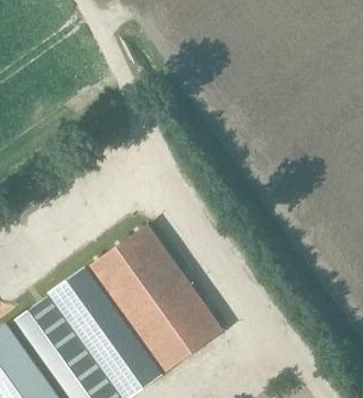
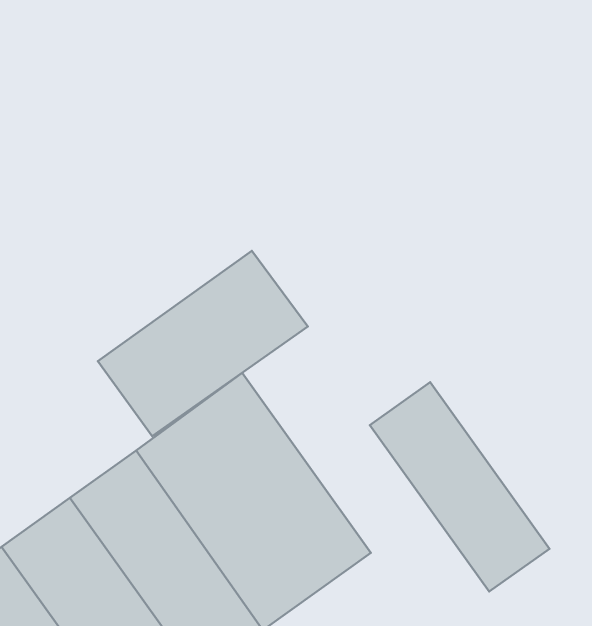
building: none -> [98,251,308,436]
building: none -> [370,382,549,592]

